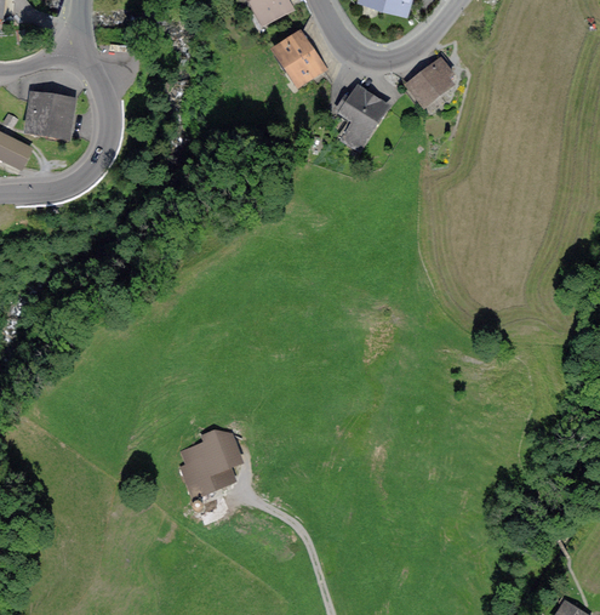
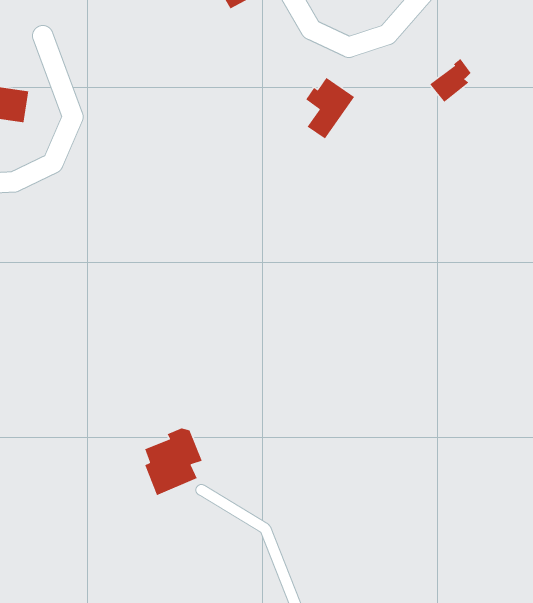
building: [279,32,319,82] -> none
building: [410,61,451,104] -> [429,58,472,103]

